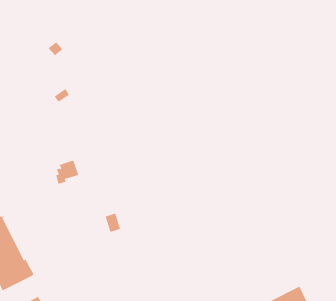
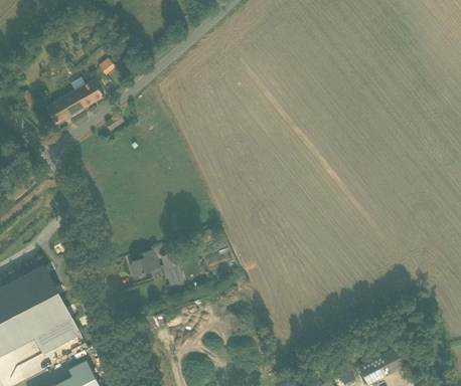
building: none -> [46,79,104,125]
building: [55,160,79,184] -> [132,250,160,279]

